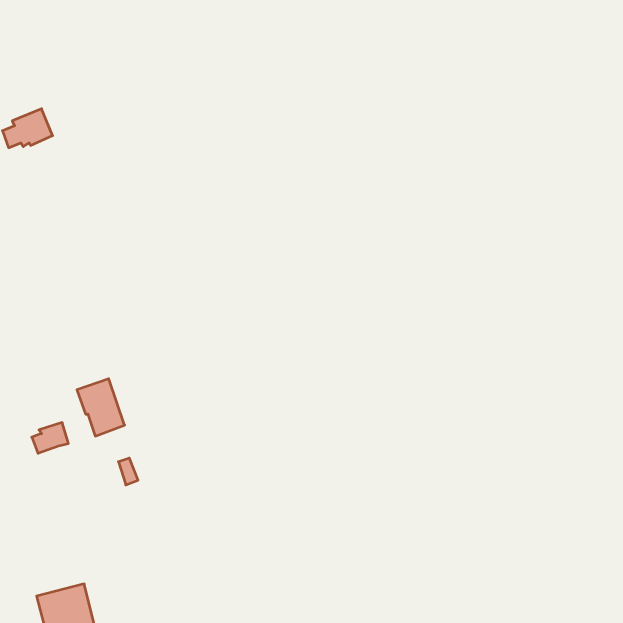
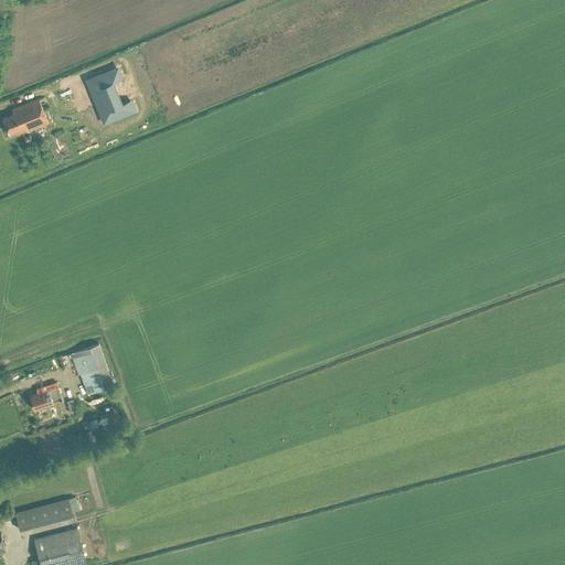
building: none -> [87,73,124,121]
building: none -> [14,499,73,530]

